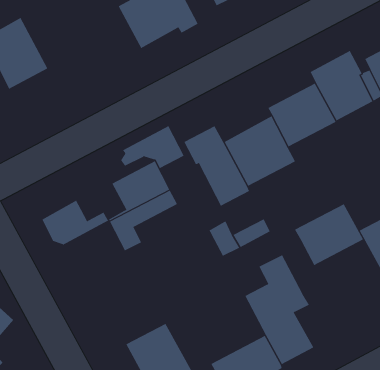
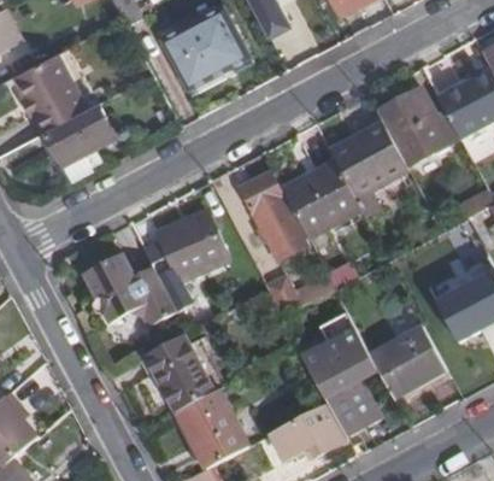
building: none -> [43,102,113,162]
building: [120,125,184,169] -> [100,276,171,324]
building: [294,203,364,266] -> [369,328,446,397]
building: none -> [143,336,220,412]

